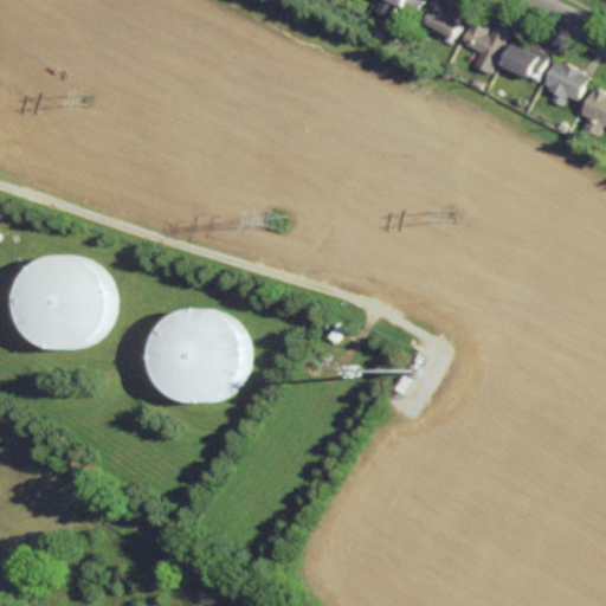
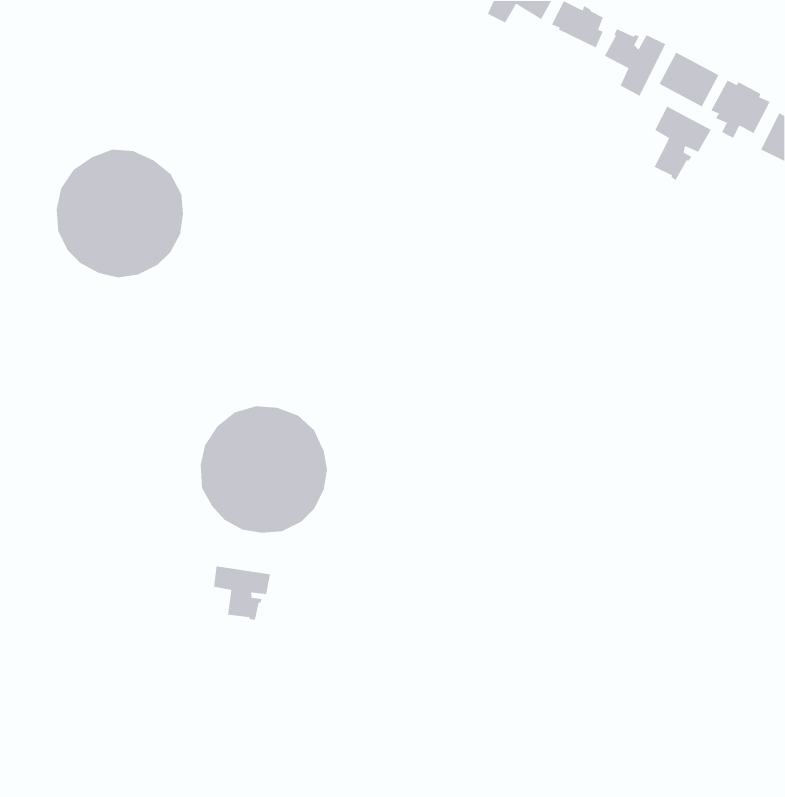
building: none -> [653,105,712,181]
building: [17,250,114,348] -> [56,149,184,278]
building: none -> [213,566,271,621]

